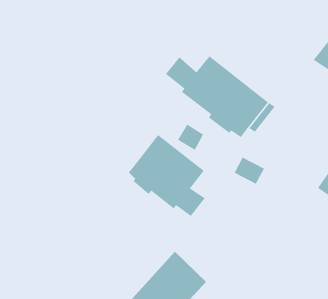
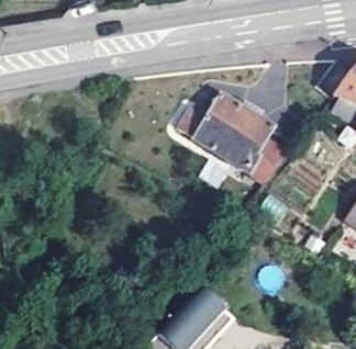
building: [128,134,205,217] -> none

